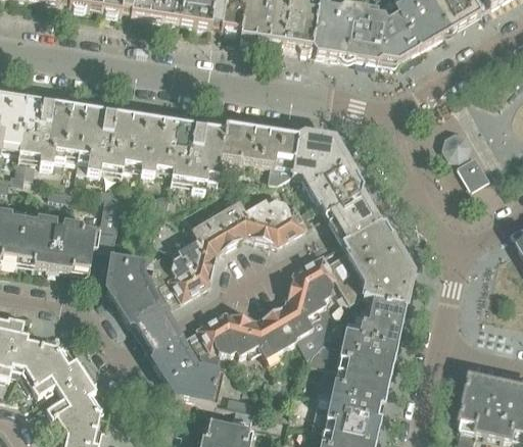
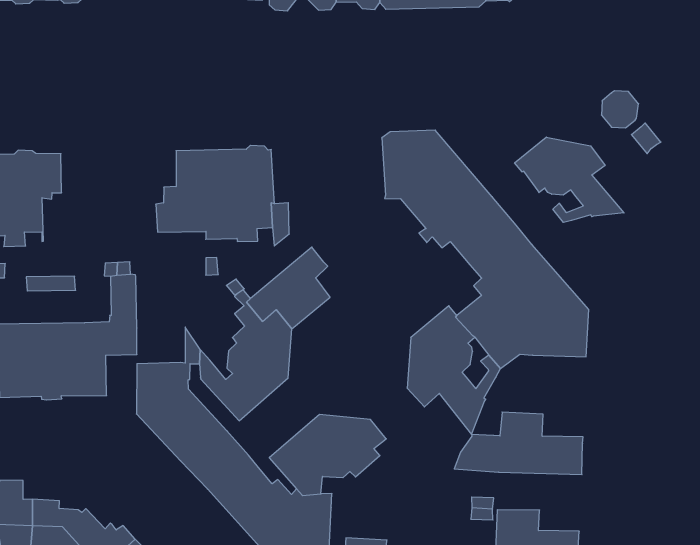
building: [65,107,162,173] -> none
building: [222,121,298,173] -> none
building: none -> [515,137,624,222]
building: [239,199,306,242] -> none
building: [345,295,407,354] -> none
building: [257,302,323,357] -> none
building: [331,367,390,415] -> none

